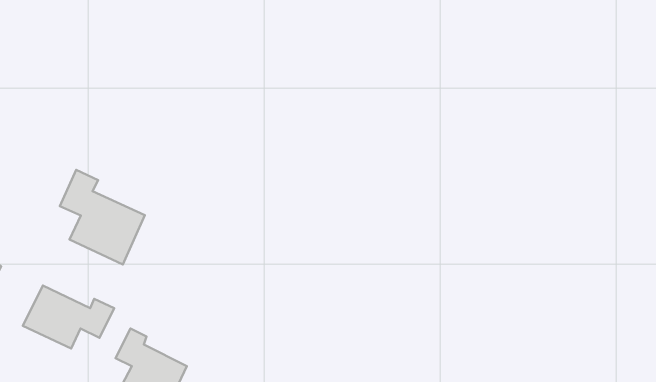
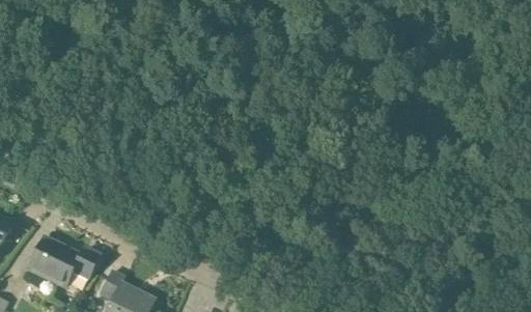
building: [60,170,145,265] -> none

